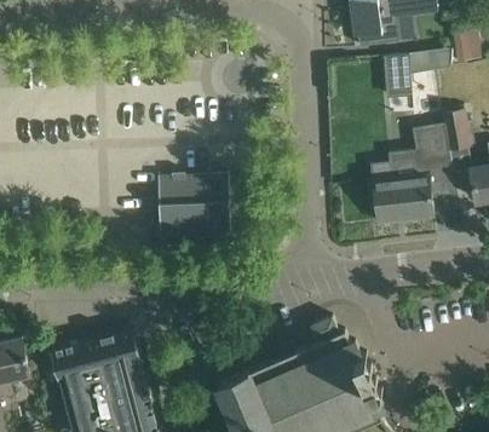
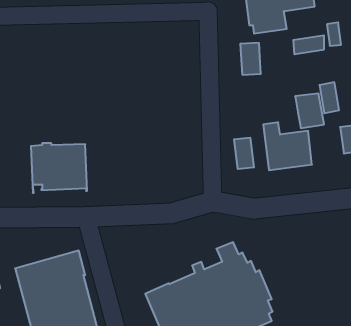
building: [385,56,412,97] -> [240,43,261,75]
building: [157,174,230,238] -> [31,143,87,193]
building: none -> [234,138,254,169]

